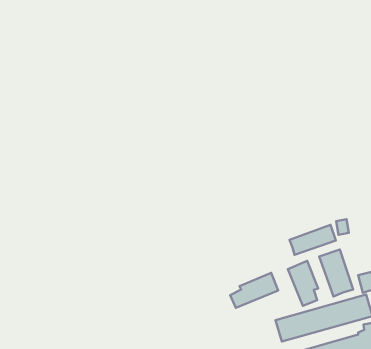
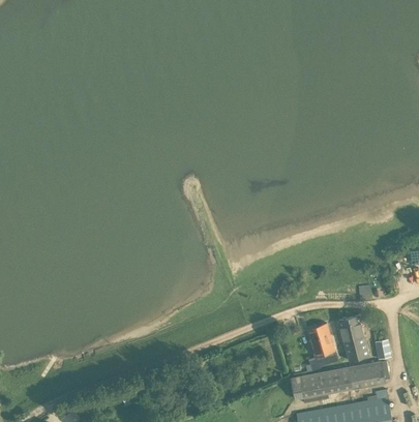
building: [289,225,336,255] -> none
building: [230,273,278,308] -> none

